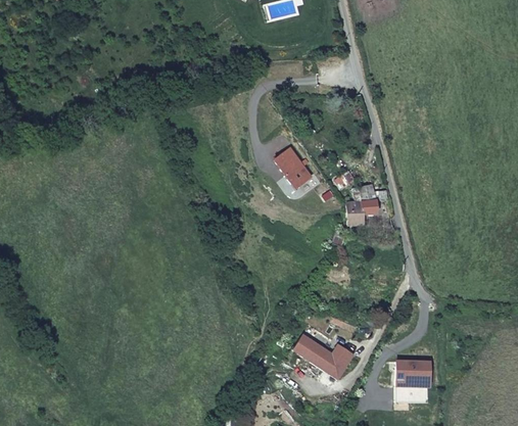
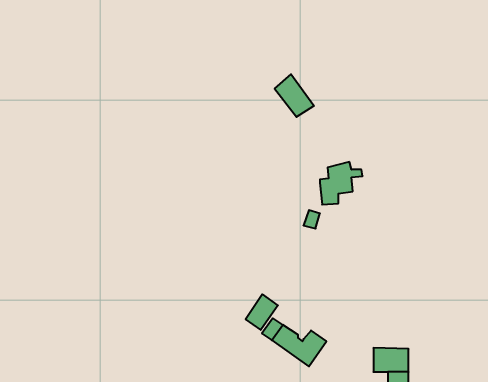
building: [276,147,313,187] -> [275,74,314,117]
building: none -> [246,294,278,330]

